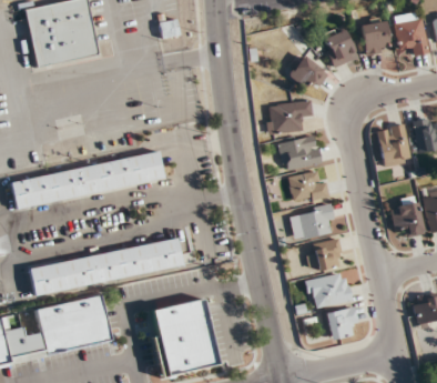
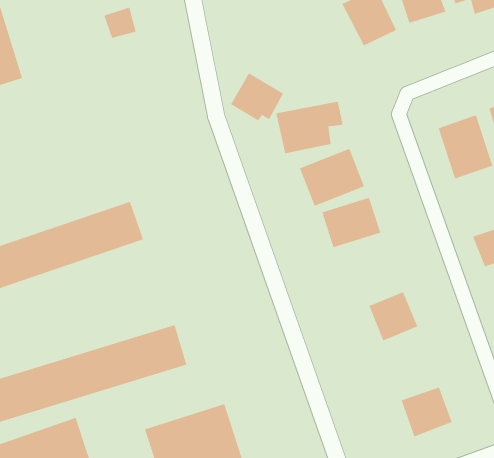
building: [289,56,327,90] -> [230,72,284,121]
building: [289,204,336,239] -> none
building: [306,273,352,309] -> none

